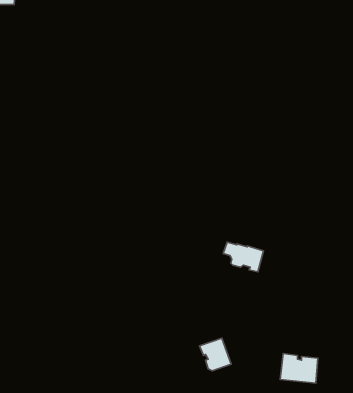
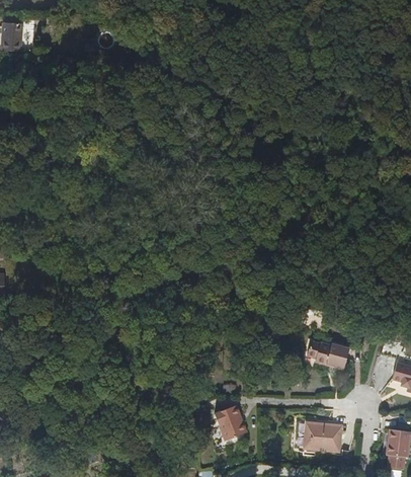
building: [223,242,264,272] -> [307,338,349,370]

